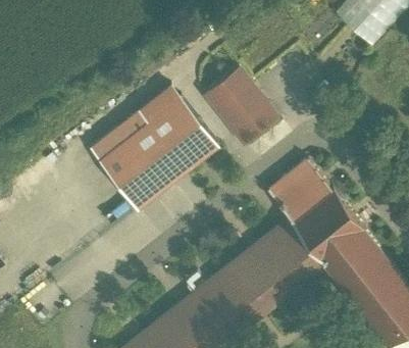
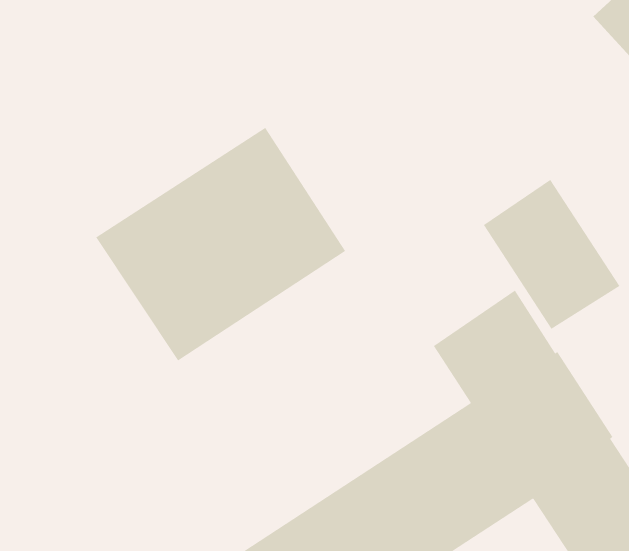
building: [203,67,276,145] -> [483,179,620,330]

